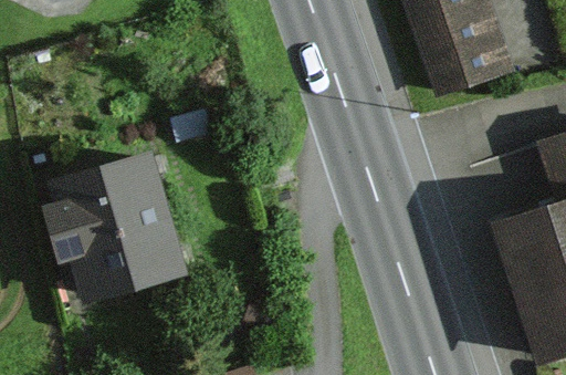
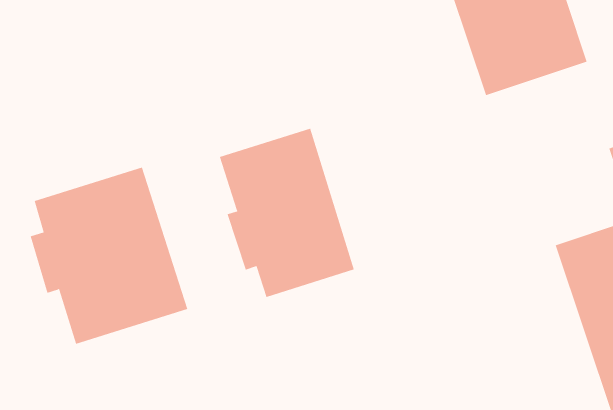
building: none -> [219,128,354,298]

